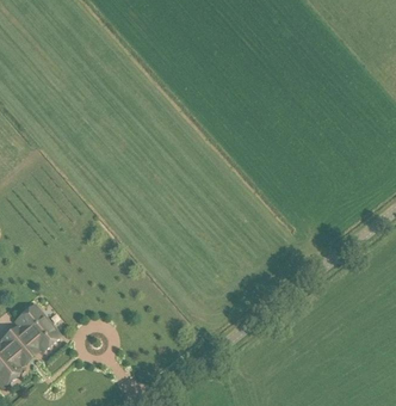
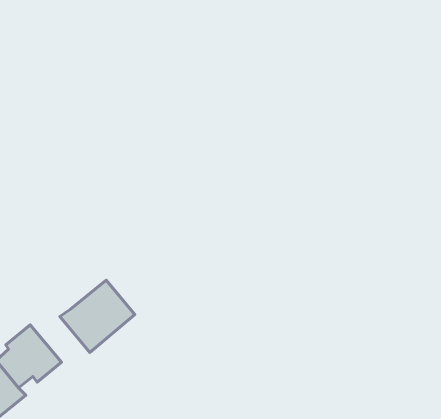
building: none -> [60,280,135,353]

